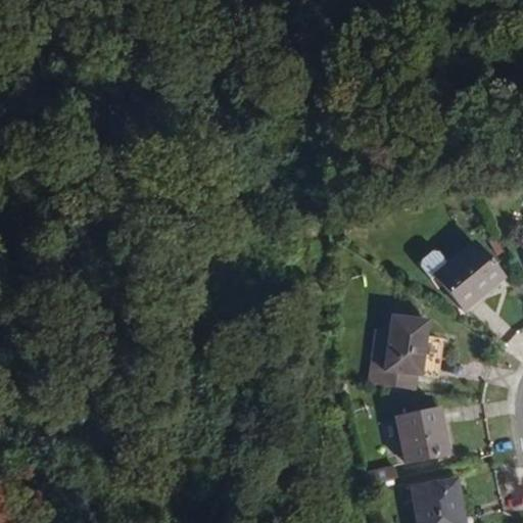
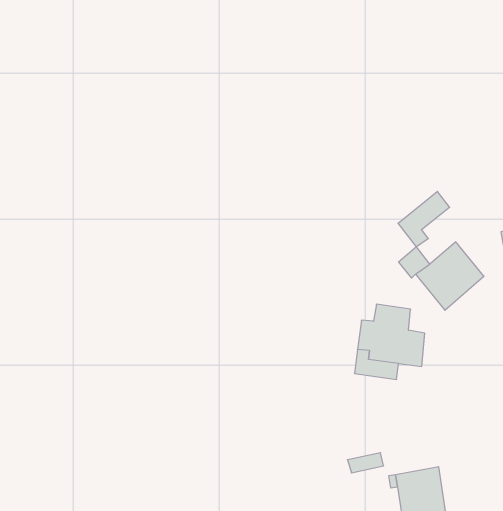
building: none -> [398,191,450,247]
building: [396,405,449,462] -> none

